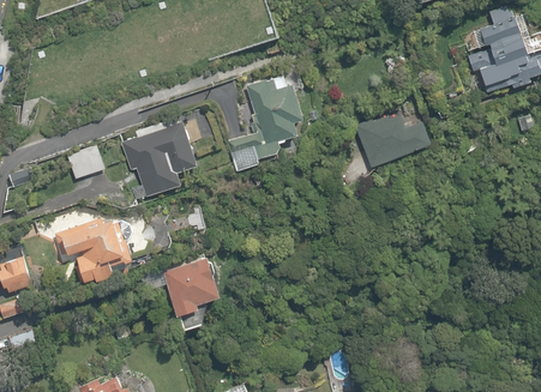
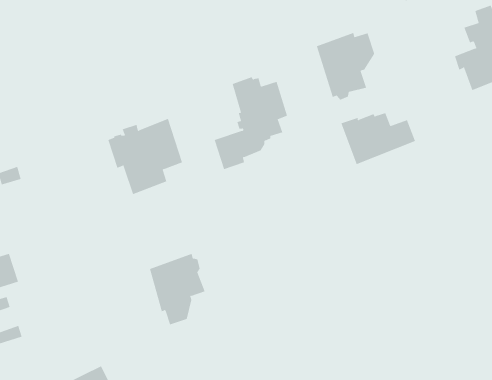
building: none -> [316,32,375,100]
building: [66,144,104,179] -> none
building: [54,218,131,282] -> none

